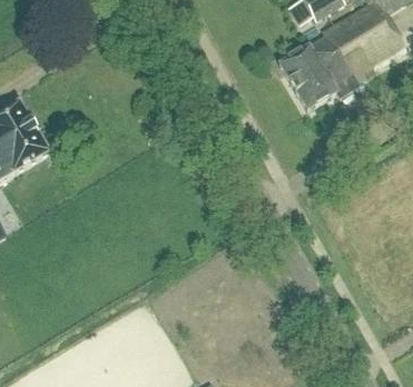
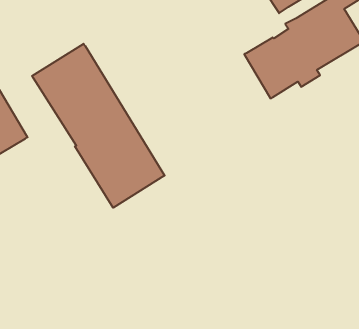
building: none -> [32,44,165,208]

